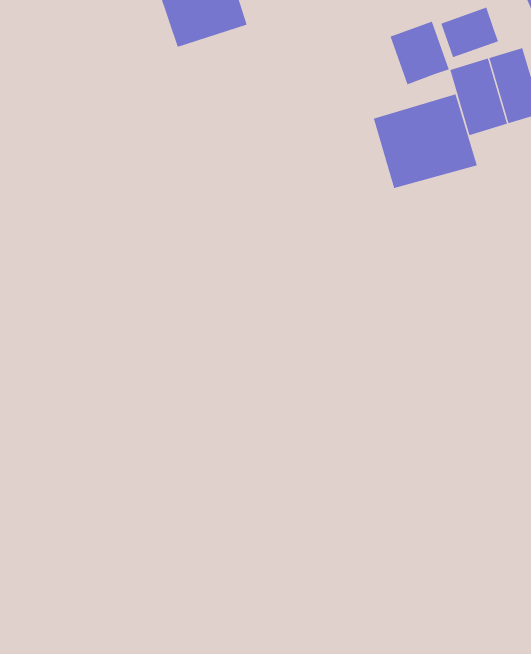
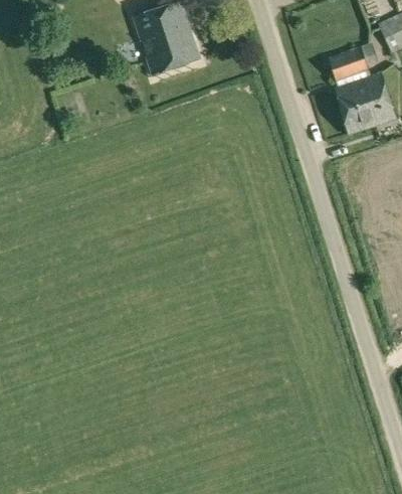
building: [390,21,450,85] -> none
building: [373,94,477,189] -> none

